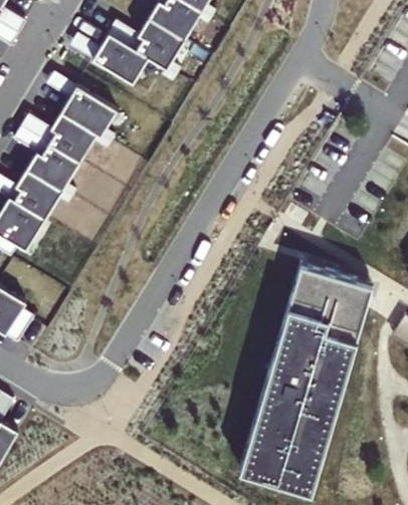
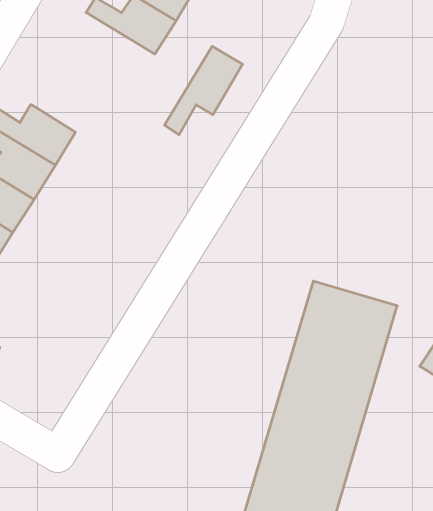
building: [92,32,148,81] -> none
building: none -> [165,46,243,135]
building: [60,83,120,137] -> none

